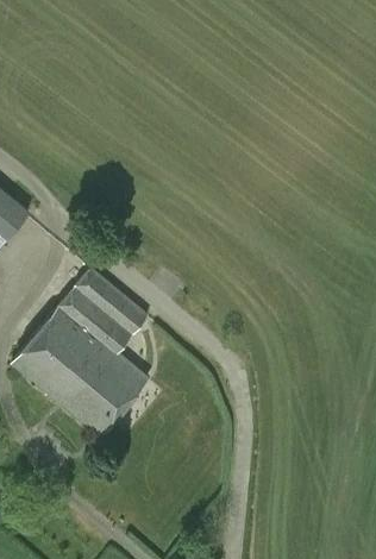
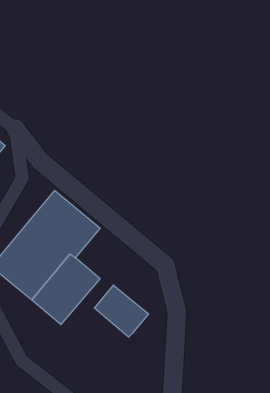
building: none -> [94,285,149,337]

